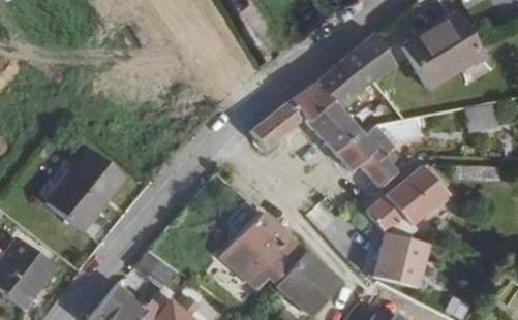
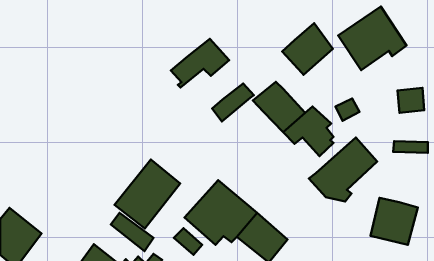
building: [290,61,358,118] -> [171,39,229,88]
building: [49,153,125,233] -> [114,159,180,229]
building: [375,230,430,285] -> [371,198,418,245]

